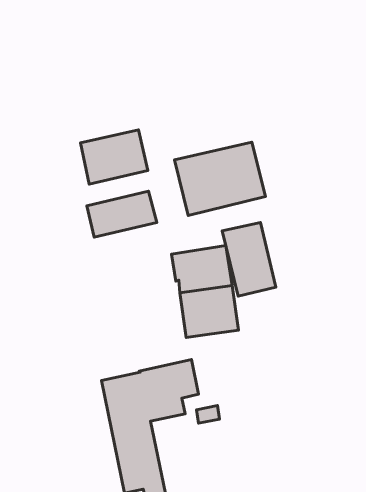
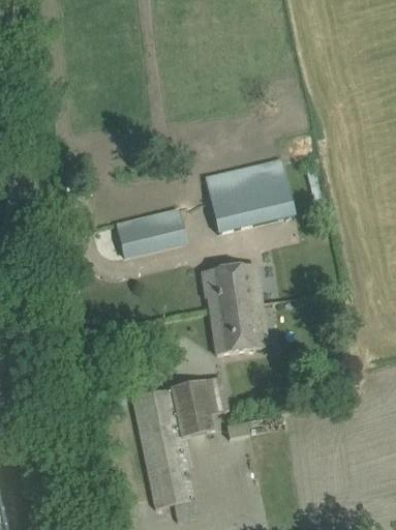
building: [81,130,148,184] -> none
building: [222,223,276,296] -> none

